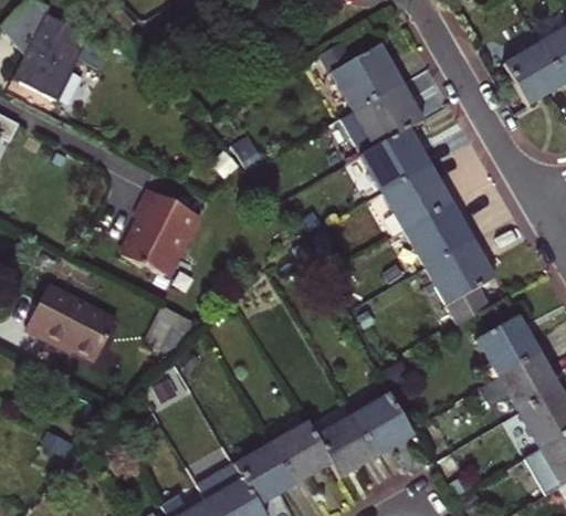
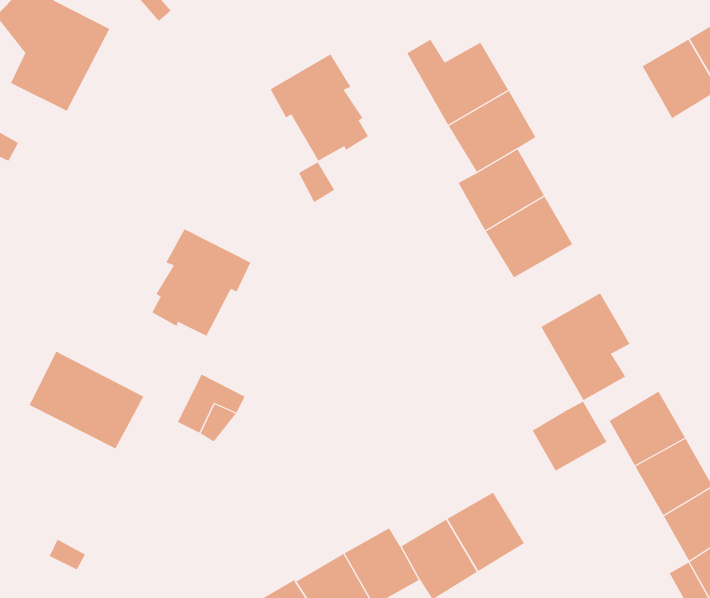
building: none -> [270,54,369,161]
building: [403,201,471,265] -> none
building: none -> [532,401,607,472]

